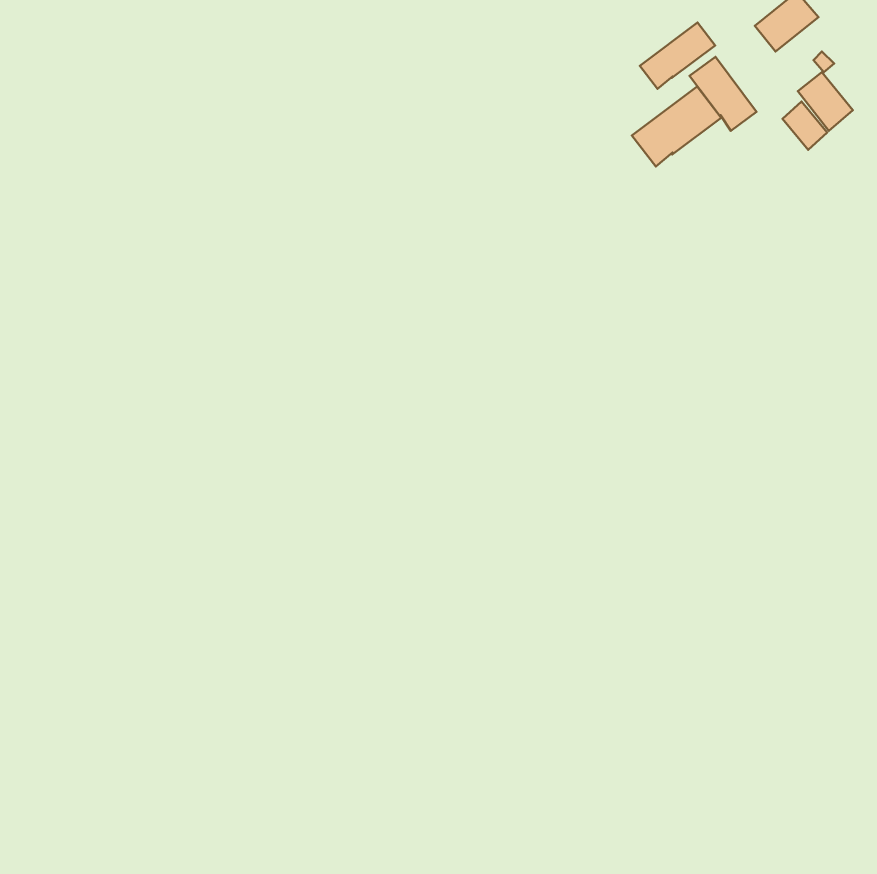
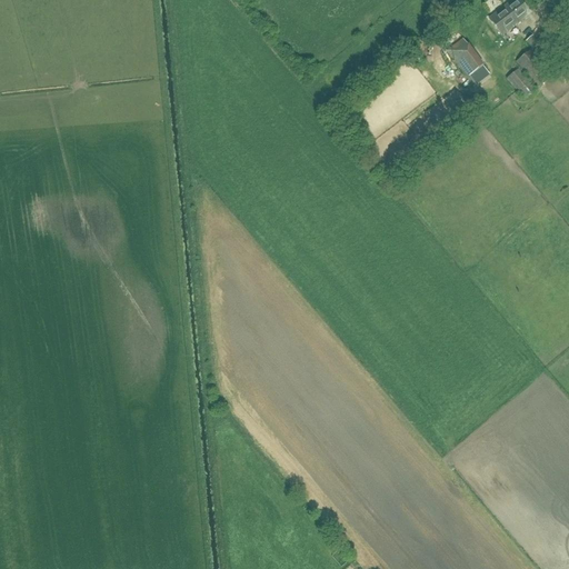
building: [640,23,715,89] -> none
building: [632,87,721,167] -> none

